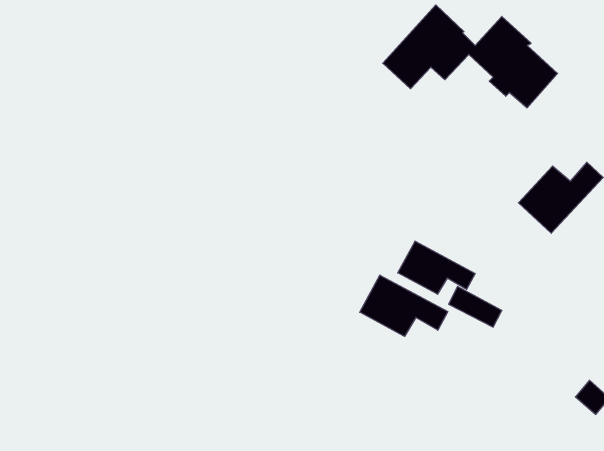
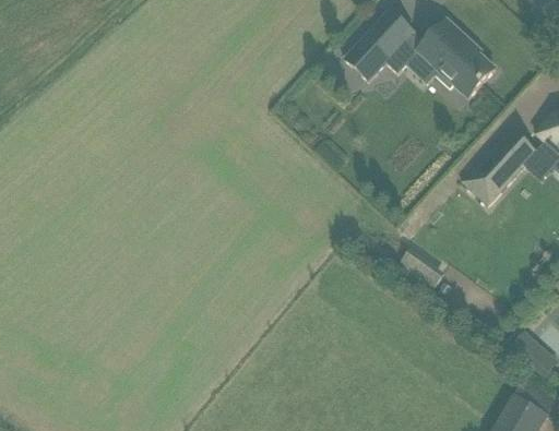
building: [398,241,475,294] -> none
building: [360,275,448,336] -> none

